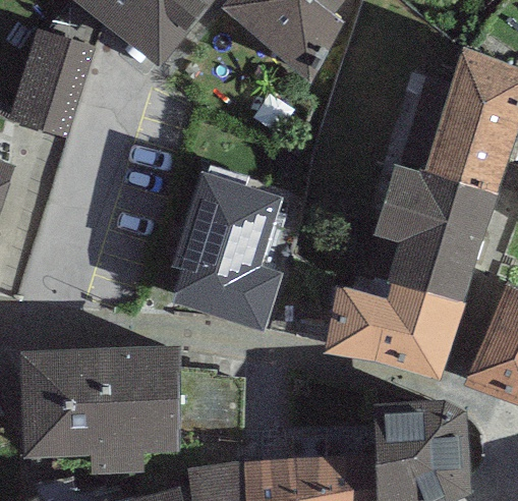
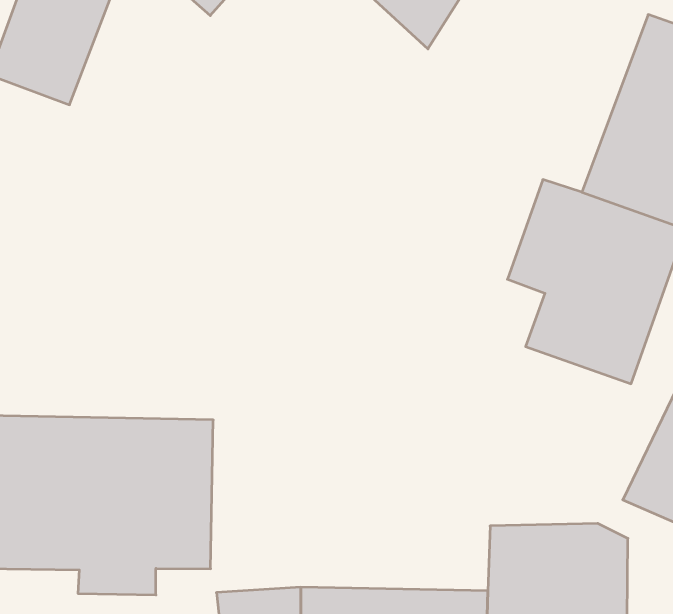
building: [169,172,284,333] -> none
building: [326,285,464,374] -> none

